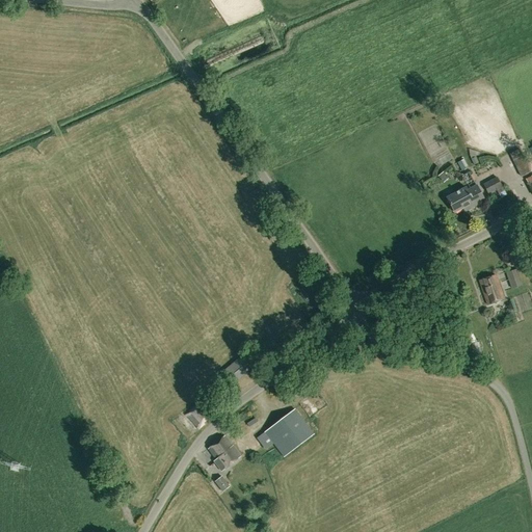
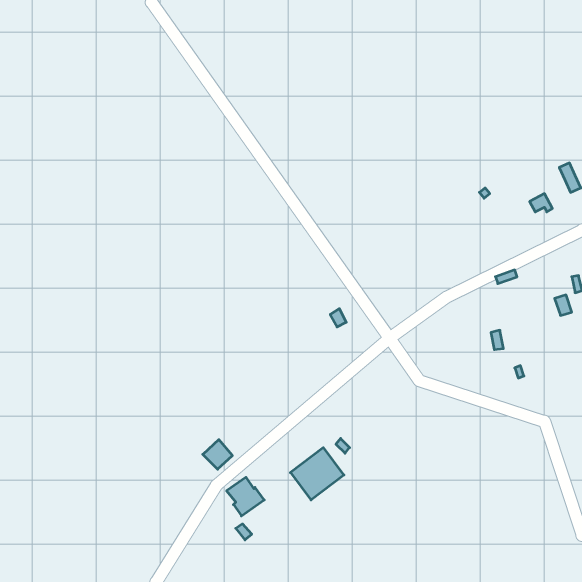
building: [447,185,484,212] -> none
building: [479,274,504,304] -> none

